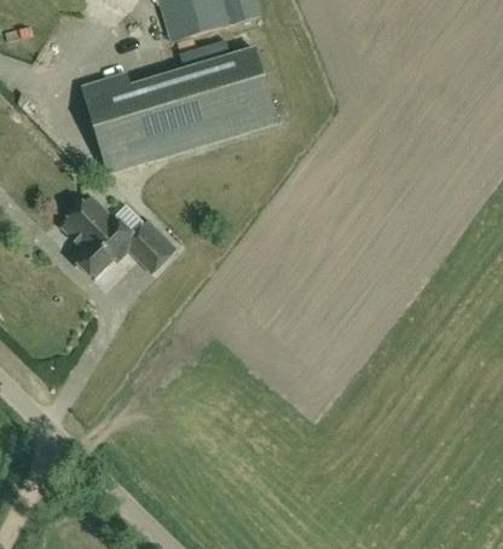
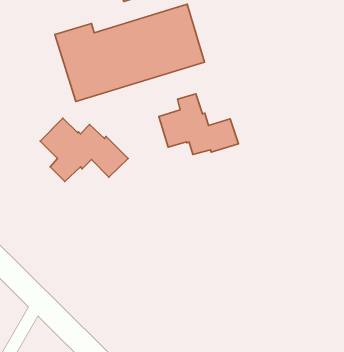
building: none -> [159,94,239,155]

